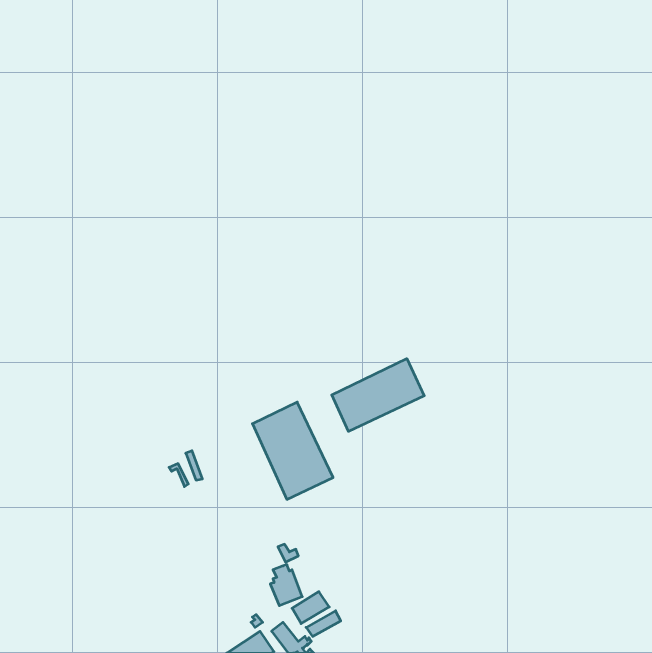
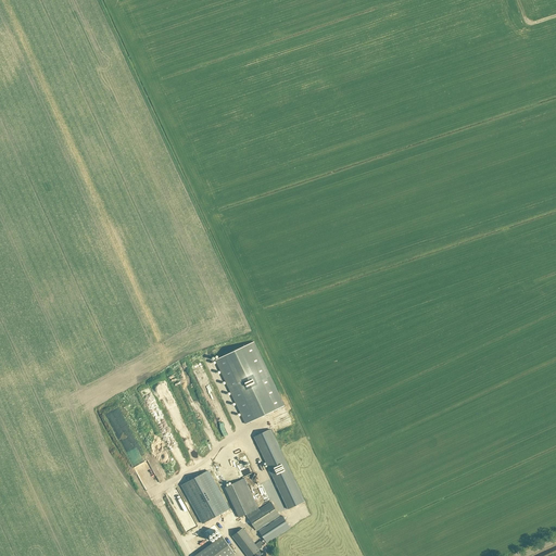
building: [332,359,424,431] -> none
building: none -> [252,428,303,508]
building: none -> [179,470,227,522]

